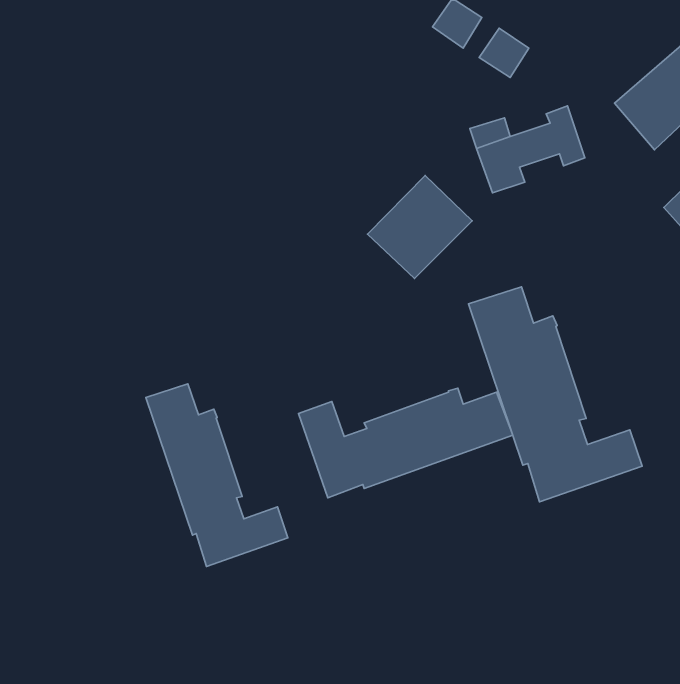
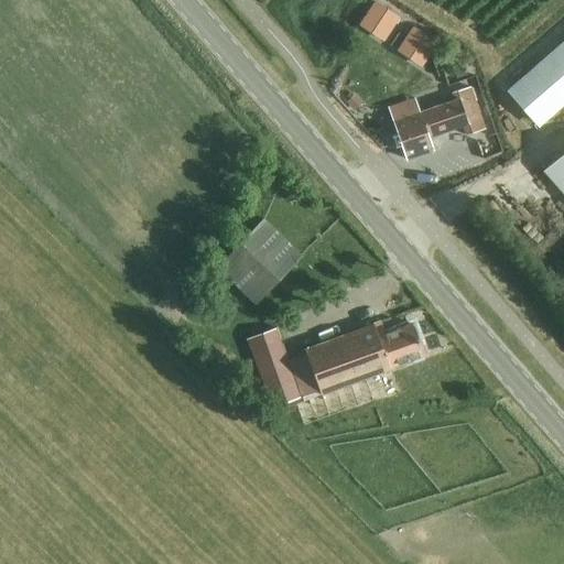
building: [368,175,472,278] -> [217,217,303,302]
building: [469,287,642,502] -> none
building: [146,384,288,566] -> none

